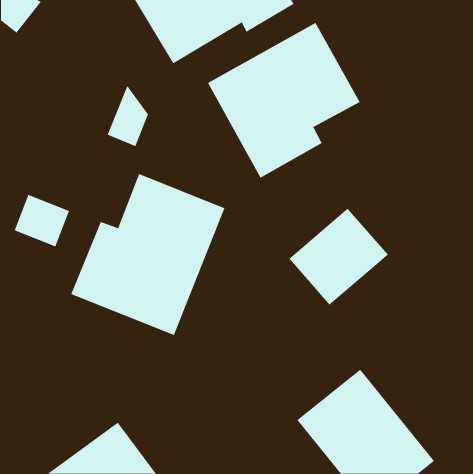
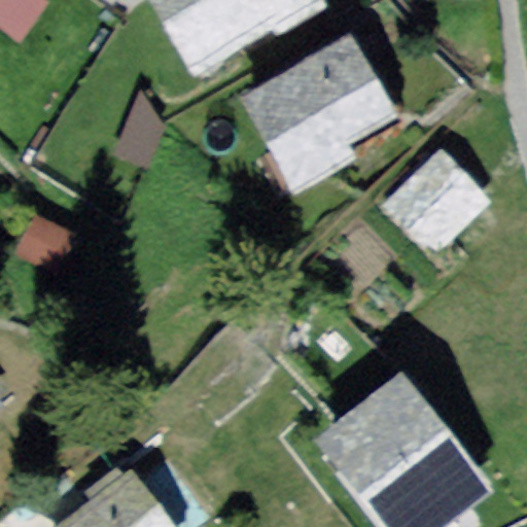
building: [71,173,225,336] -> none
building: [288,208,389,305] -> [380,148,491,256]

